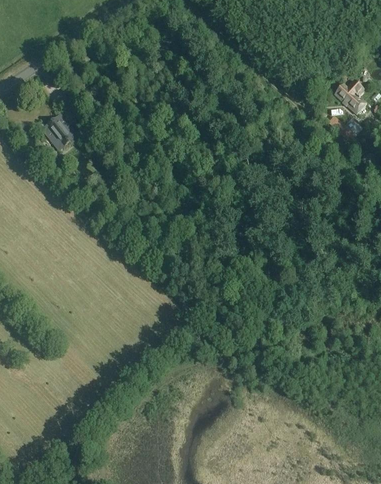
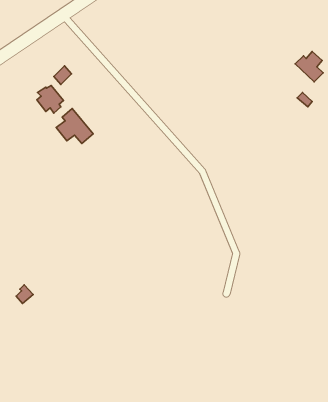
building: none -> [56,108,93,144]

